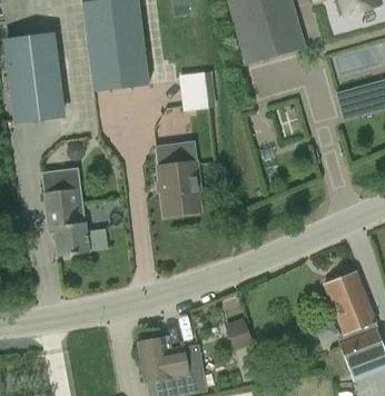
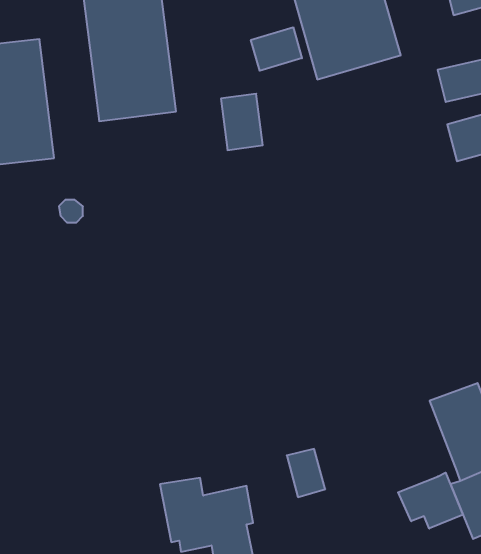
building: none -> [251,27,302,71]
building: [155,139,200,216] -> none
building: [41,167,89,257] -> none
building: none -> [398,473,463,529]

